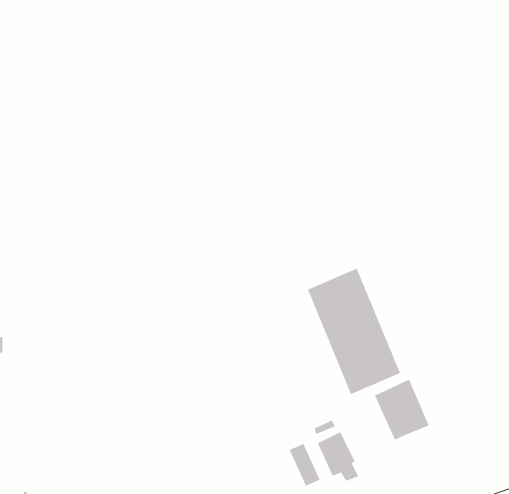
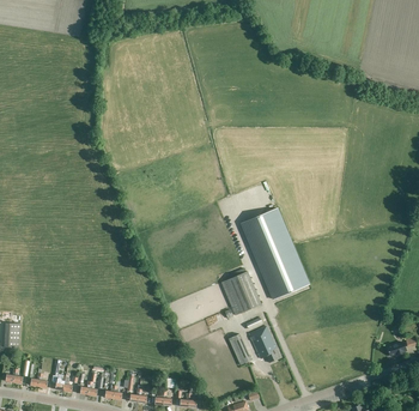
building: [374,379,429,441] -> [221,270,261,314]

